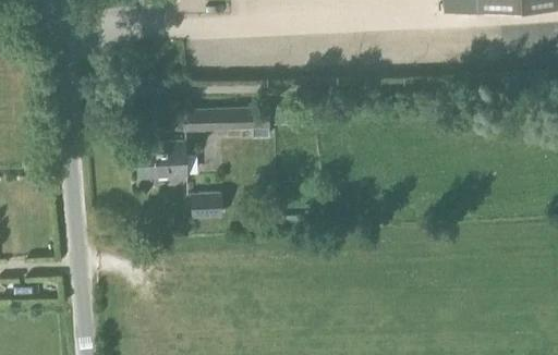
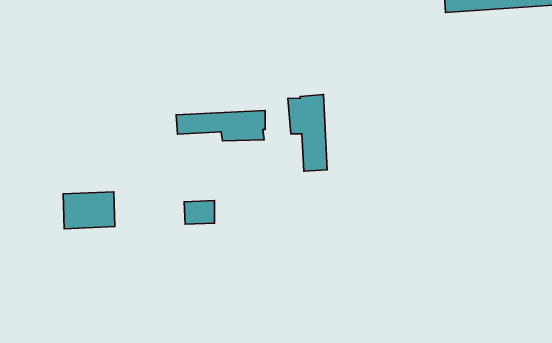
building: none -> [288,94,327,171]
building: [140,142,190,177] -> [63,192,115,229]

